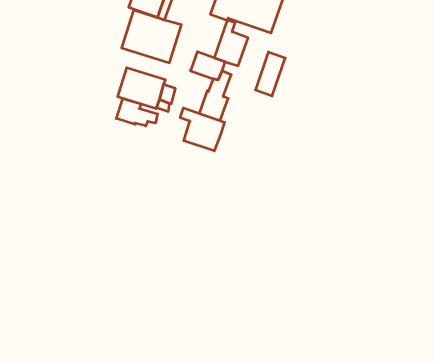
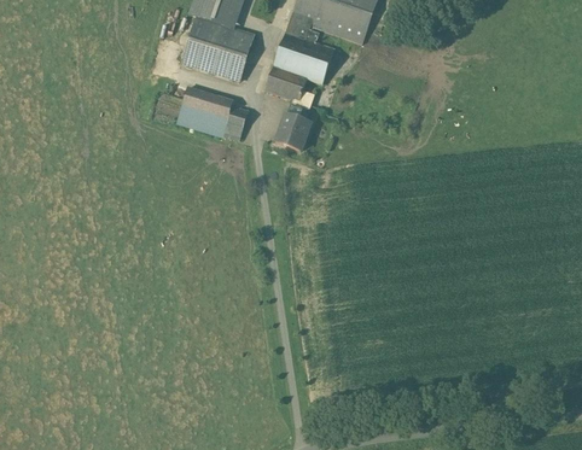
building: [255,52,285,96] -> [272,22,308,75]
building: [116,98,158,126] -> none
building: [180,108,225,151] -> none

